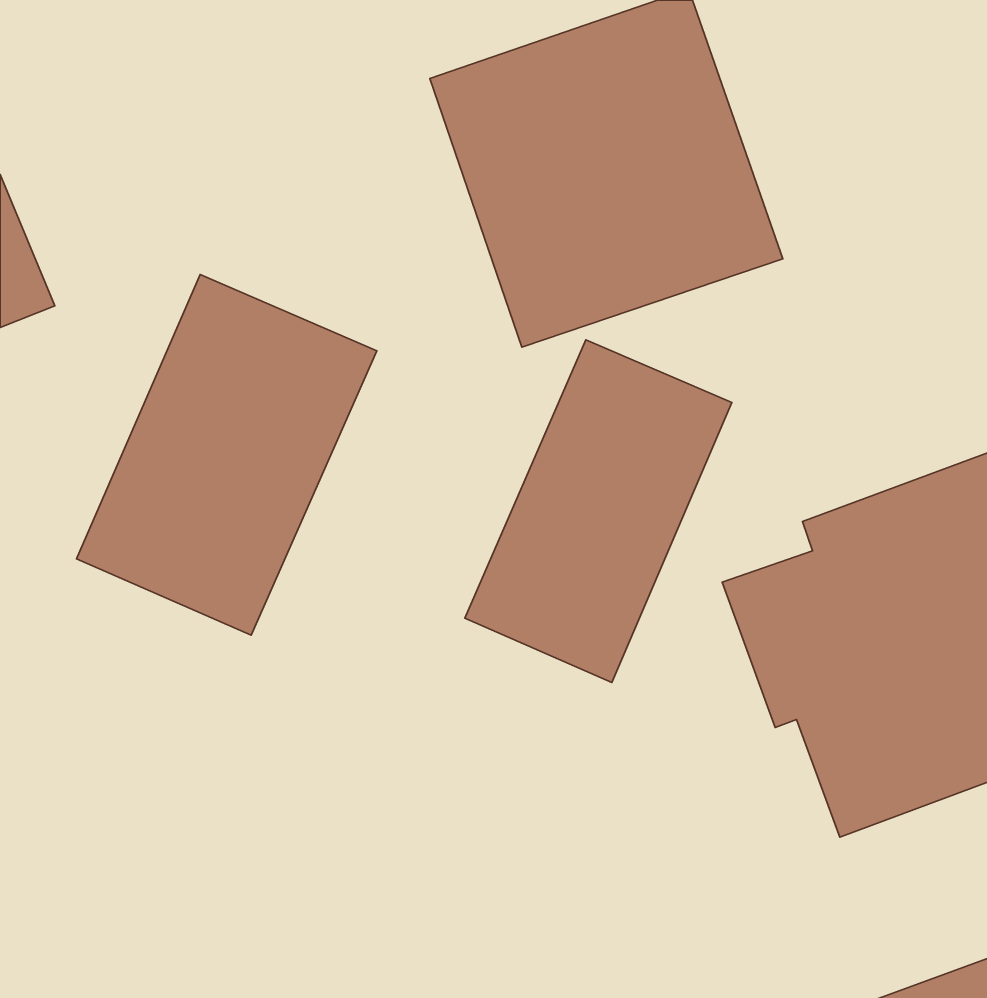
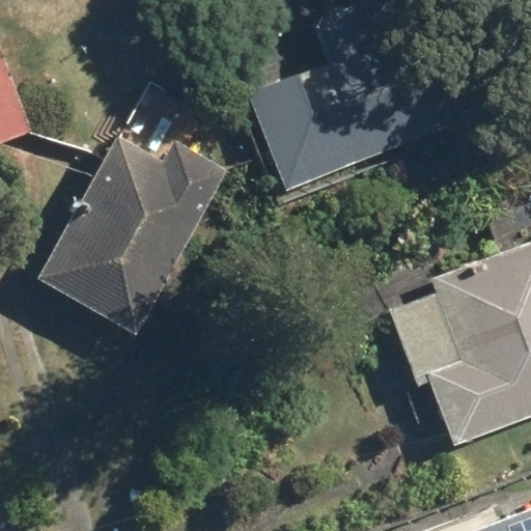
building: [465,340,732,682] -> none

